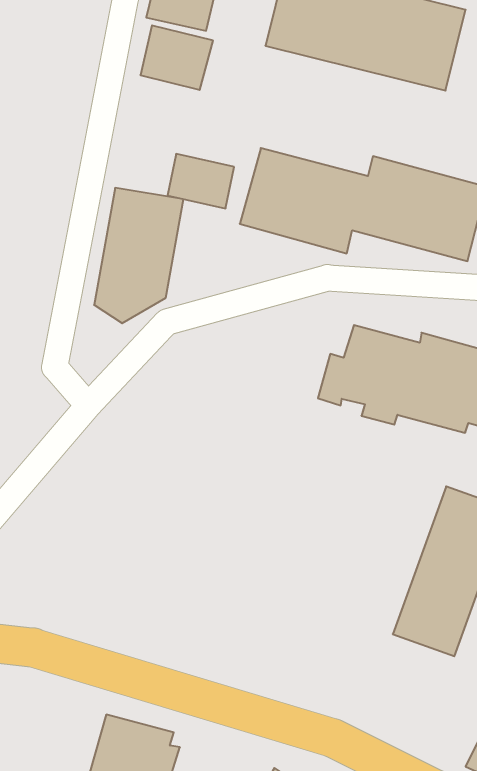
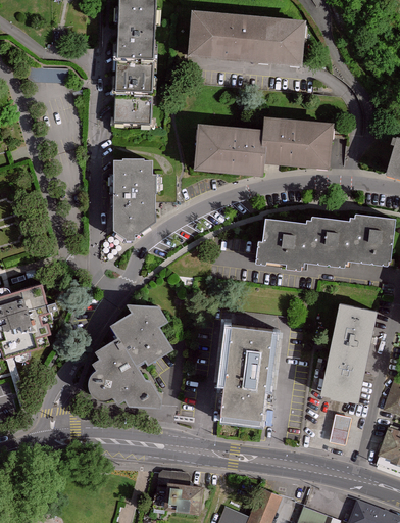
building: [168,154,234,208] -> [116,95,153,123]
building: none -> [85,303,172,408]
building: none -> [216,327,273,423]
building: none -> [327,412,351,443]

